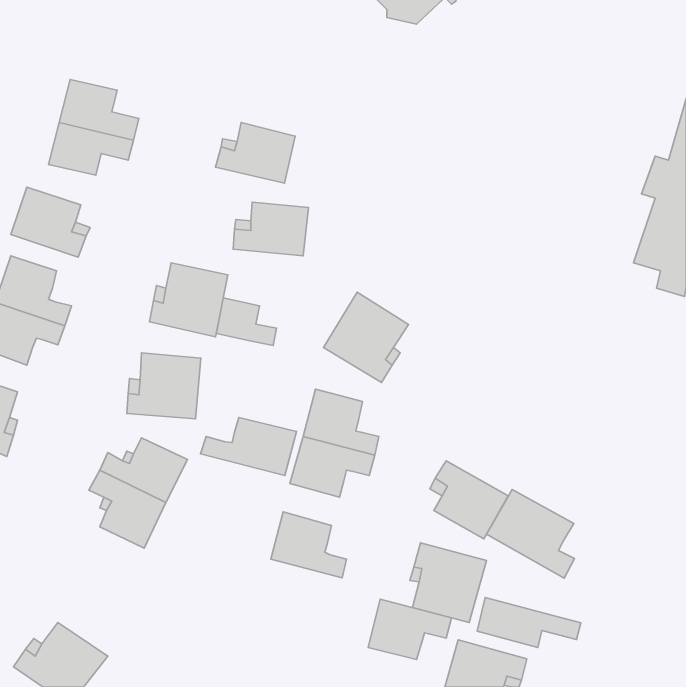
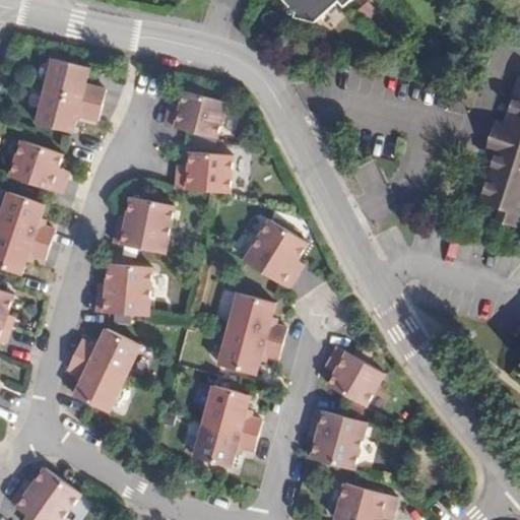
building: [216,298,277,346] -> none
building: [201,417,297,475] -> none
building: [486,490,575,578] -> none
building: [477,598,581,647] -> none
building: [368,599,452,660] -> [195,421,258,467]

